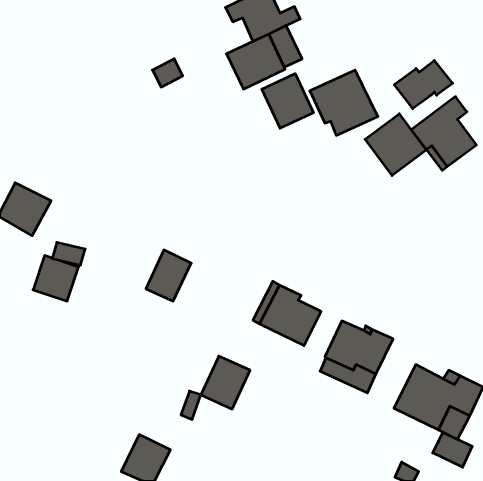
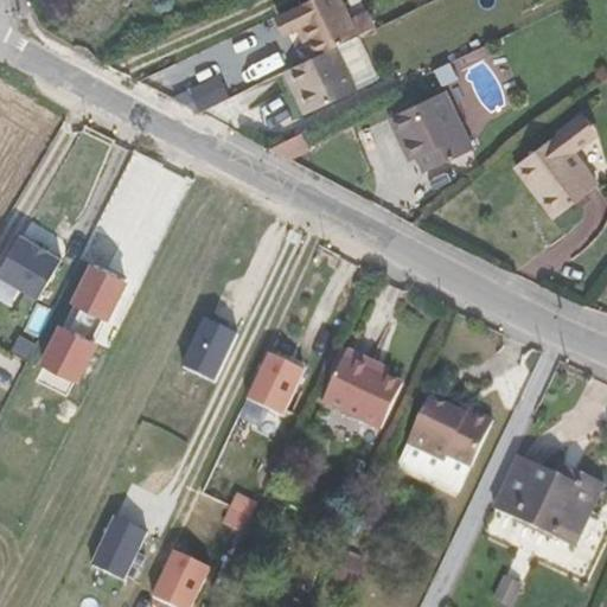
building: [394,60,453,109] -> none
building: [262,74,313,128] -> none
building: [365,114,426,176] -> none
building: none -> [72,256,130,315]
building: [201,356,250,409] -> [247,346,308,413]
building: none -> [91,511,149,577]
building: [433,433,472,467] -> none

